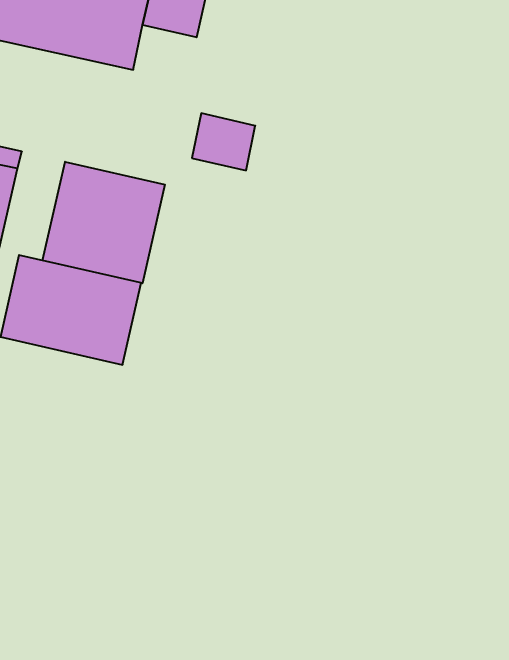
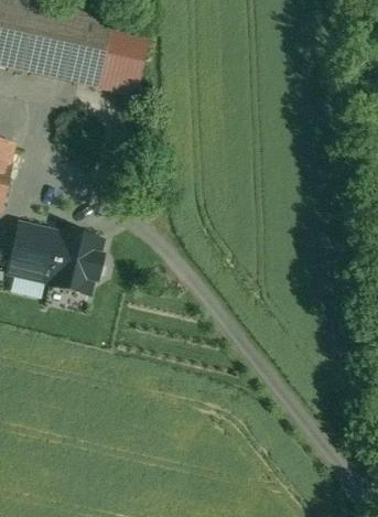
building: [192,113,255,170] -> [96,53,141,94]
building: [43,162,165,283] -> none

